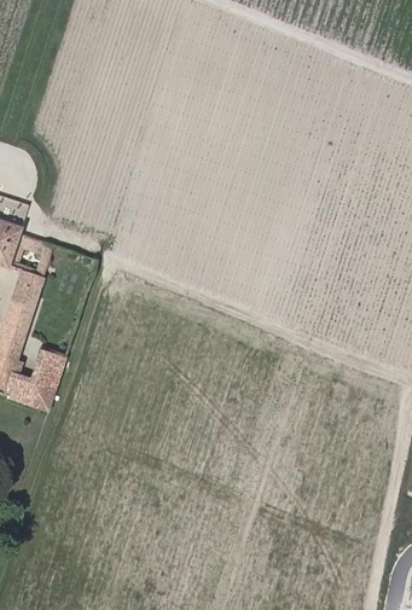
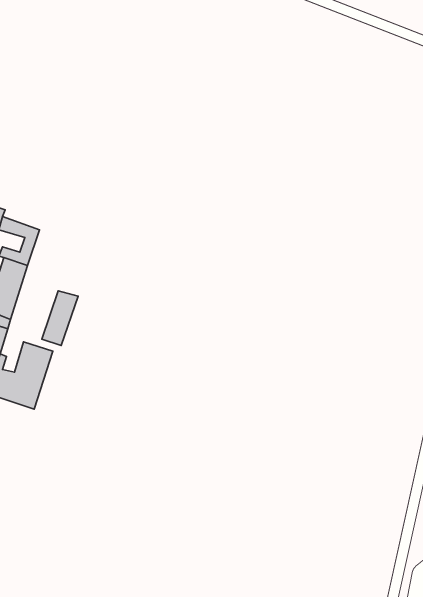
building: none -> [42,291,78,346]

